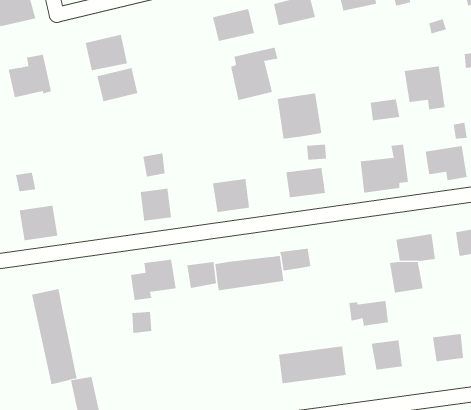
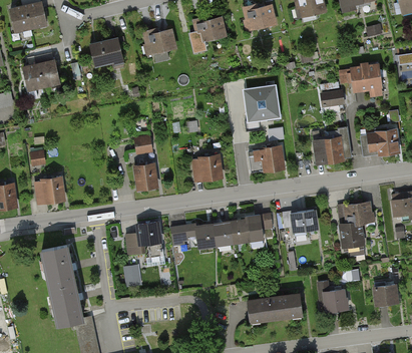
building: [230,47,278,101] -> none
building: [97,68,138,102] -> [141,28,175,56]
building: [348,300,389,326] -> [284,210,317,231]

